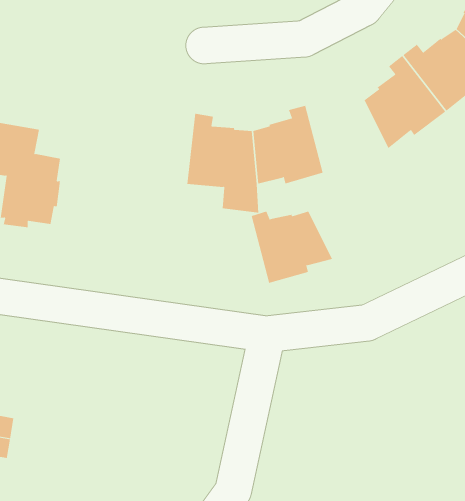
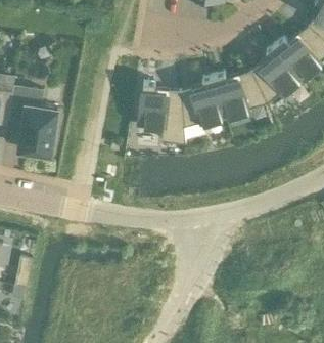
building: [251,211,333,284] -> [214,73,266,119]

